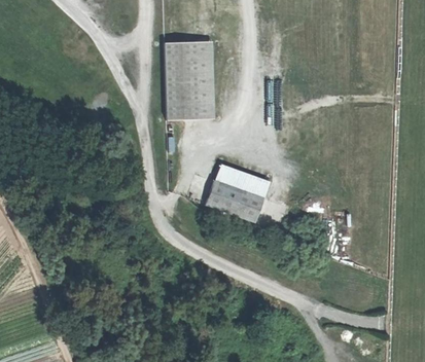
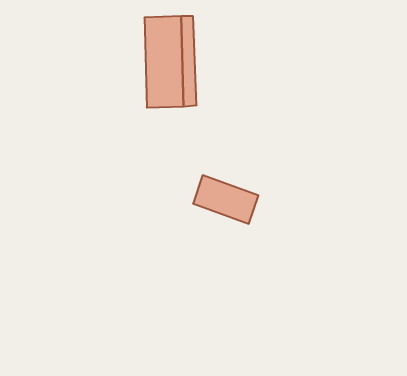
building: [216,164,270,196] -> none

